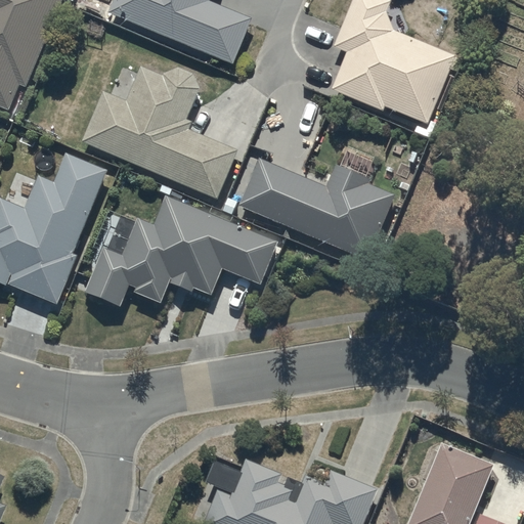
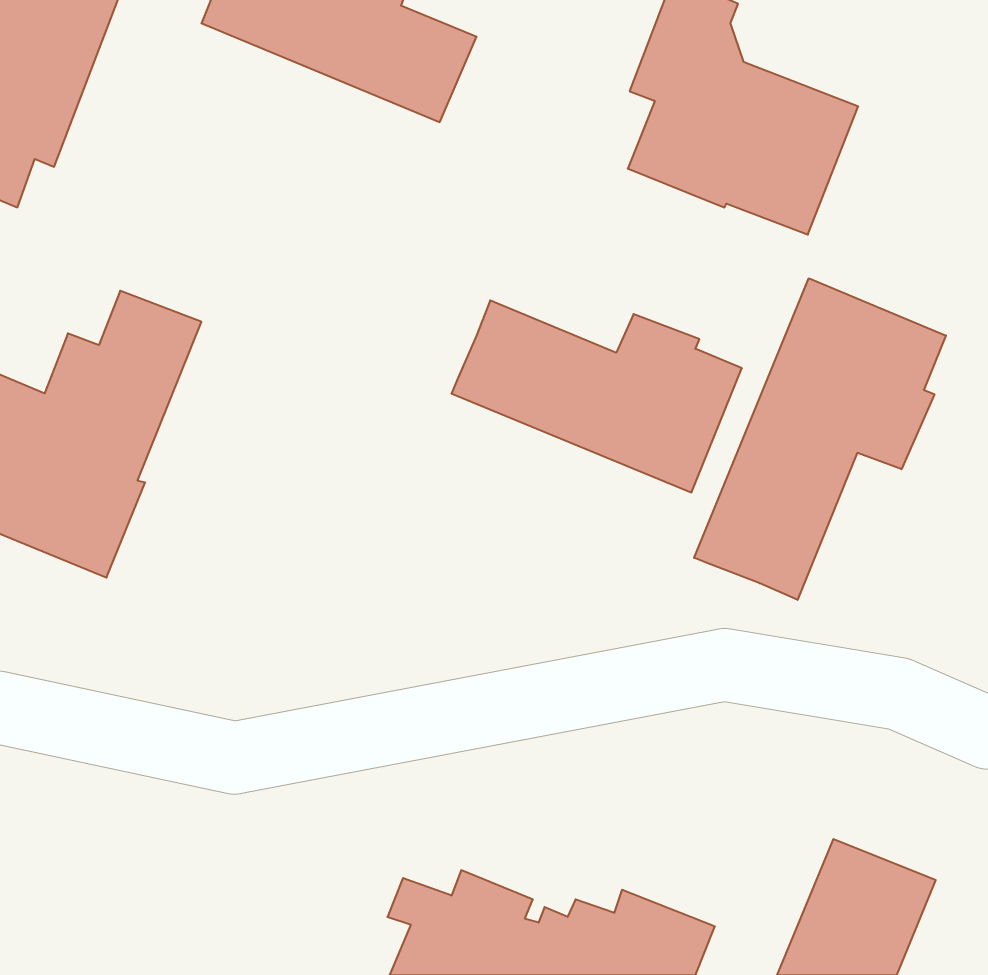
building: [81,67,238,202] -> none
building: none -> [694,278,946,600]
building: [84,196,275,307] -> none

